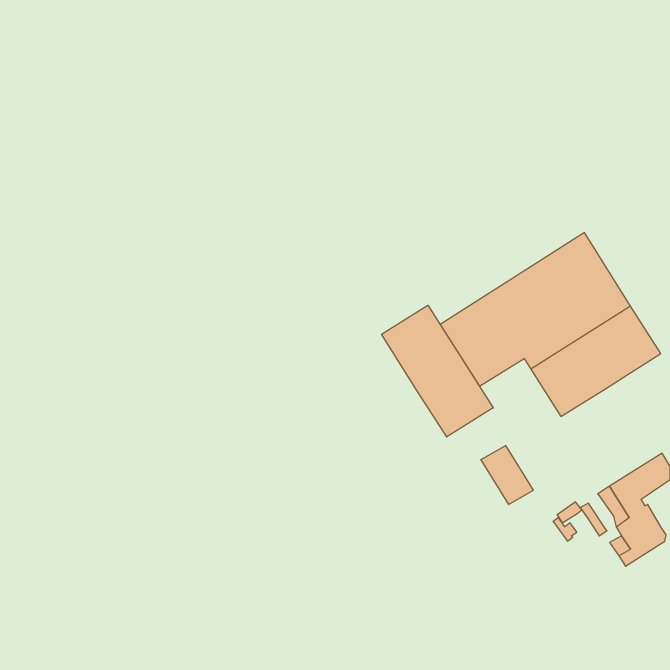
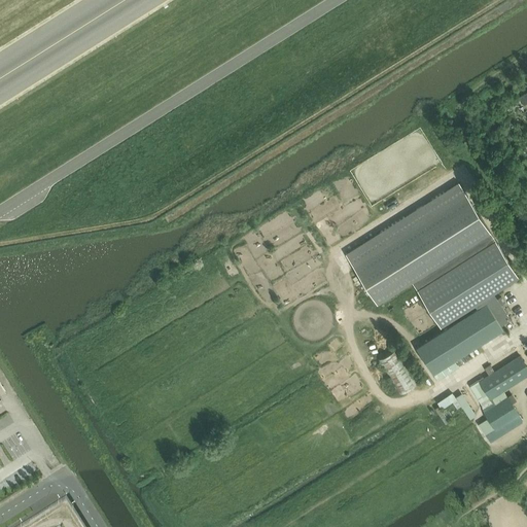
building: [382,305,493,437] -> none
building: none -> [415,294,507,382]

